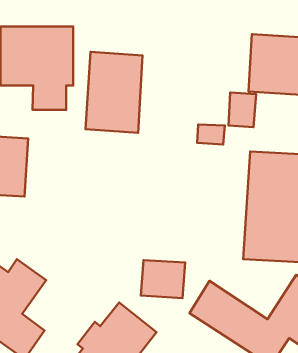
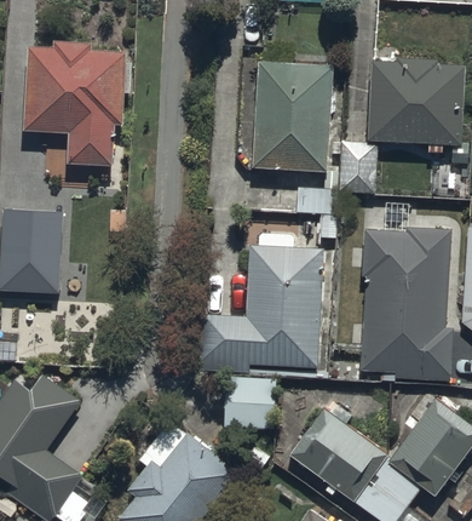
building: [85,52,143,133] -> [253,59,333,172]
building: none -> [197,248,324,372]

